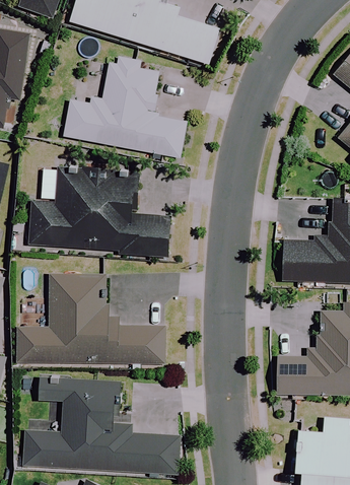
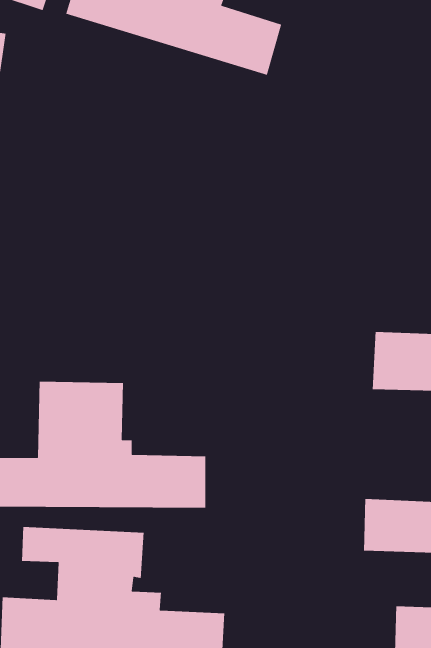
building: [64,58,187,161] -> none
building: [29,162,172,258] -> none

